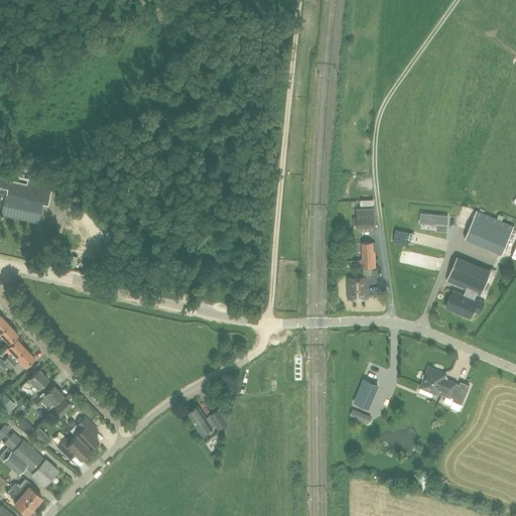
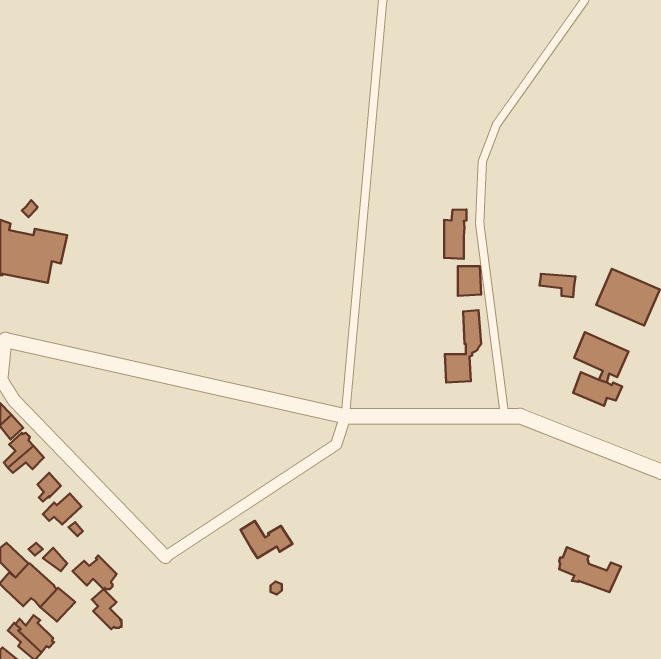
building: none -> [444,209,467,259]
building: [422,367,471,402] -> [559,547,621,592]
building: [356,380,379,408] -> none
building: [76,417,99,448] -> [92,589,122,629]

